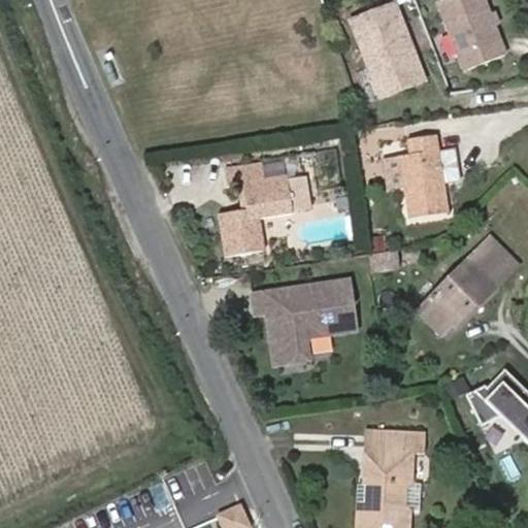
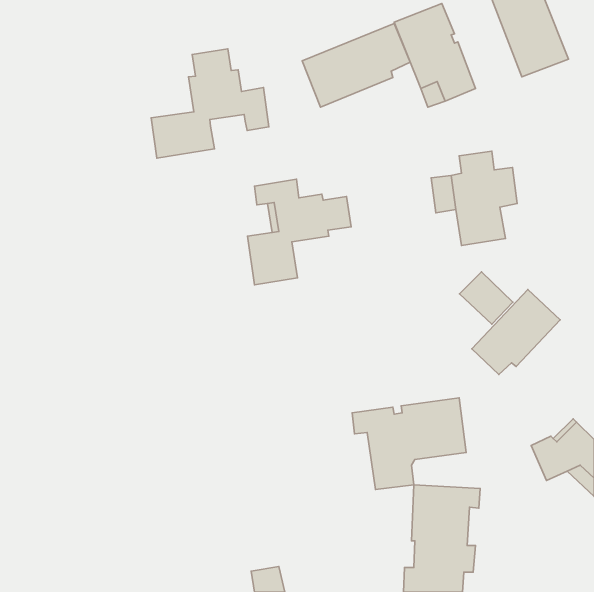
building: none -> [302,24,410,107]
building: none -> [151,49,269,158]
building: [468,237,516,284] -> [459,272,513,324]
building: [249,277,350,359] -> [352,398,466,490]

